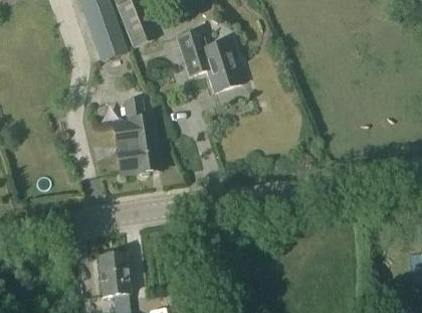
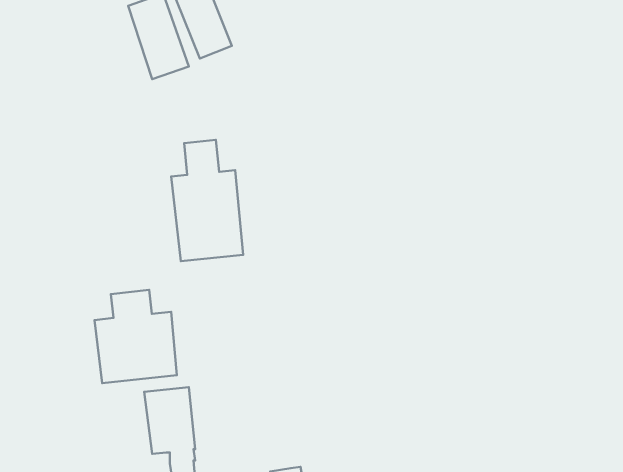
building: [176,29,242,91] -> none
building: none -> [95,290,177,383]

